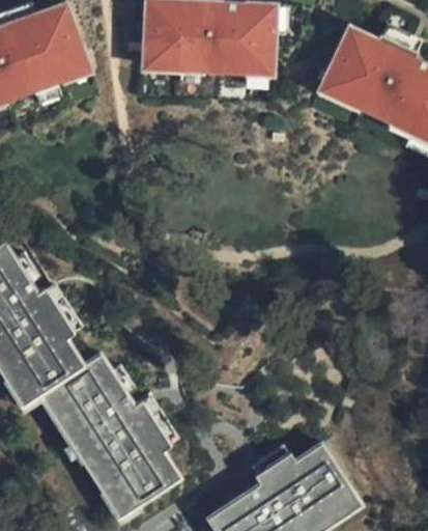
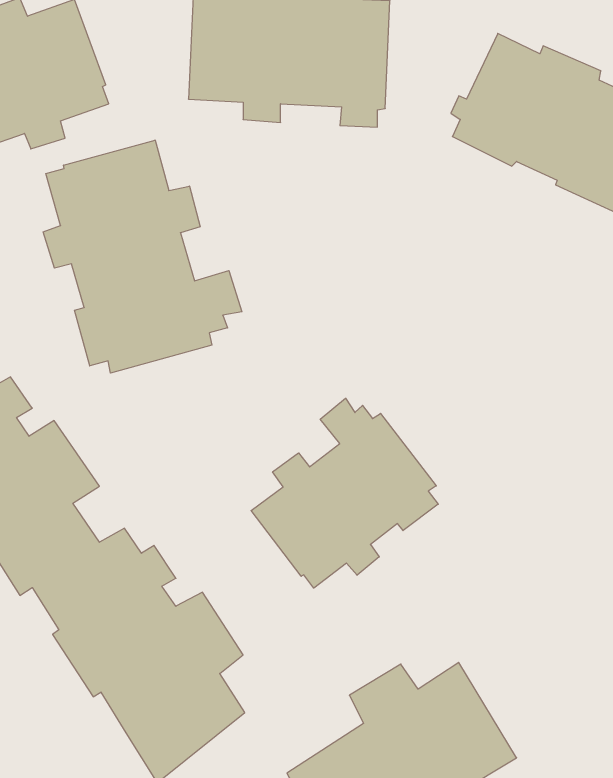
building: none -> [43,140,242,373]
building: none -> [251,398,438,588]

